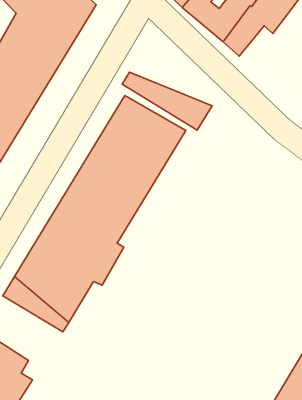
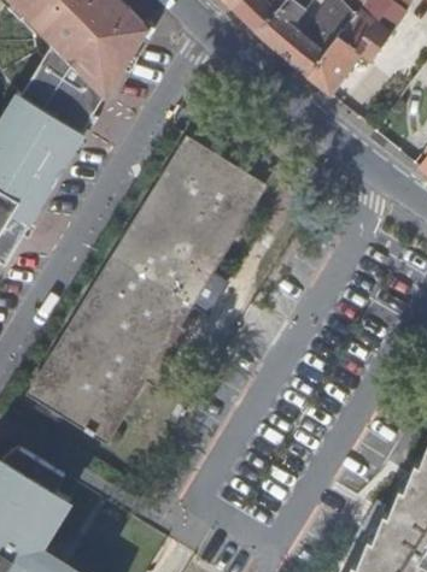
building: [122,72,212,130] -> none

